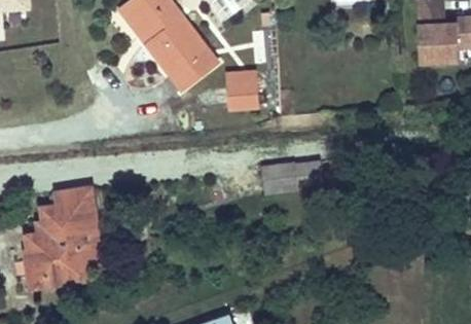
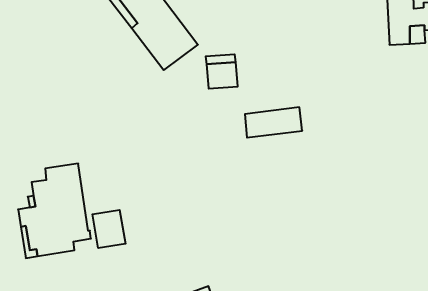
building: [262,160,323,192] -> [245,107,302,138]
building: none -> [92,210,126,248]

